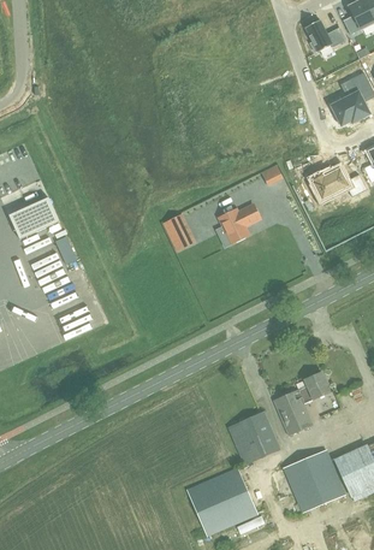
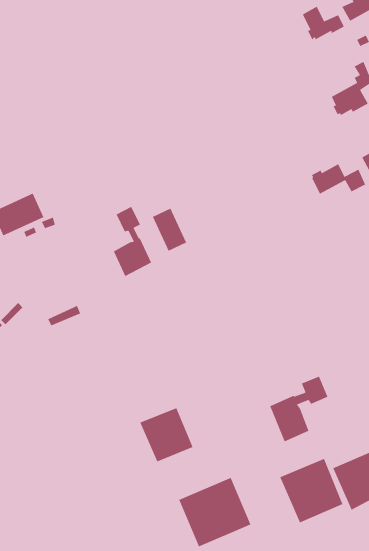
building: [219,203,260,242] -> none
building: none -> [113,206,152,277]
building: [228,410,280,463] -> [139,407,193,463]

